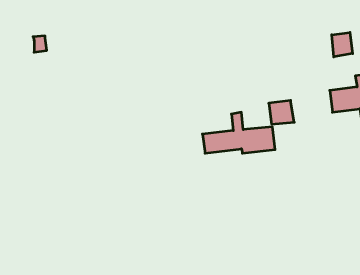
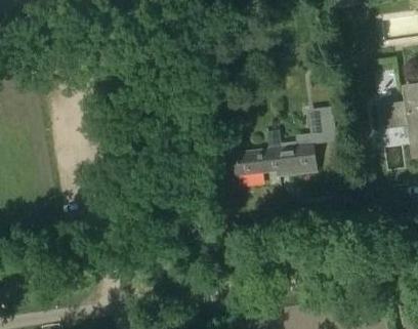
building: [332,32,353,57] -> none

